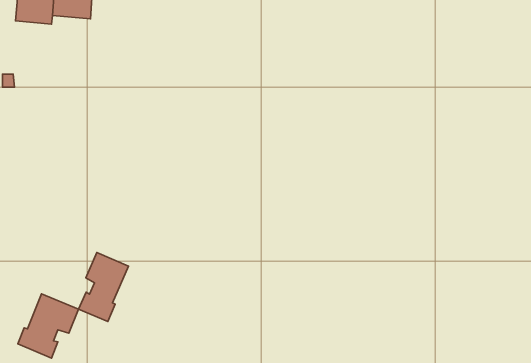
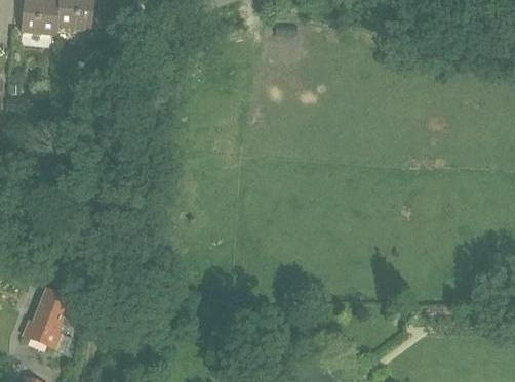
building: [79,253,128,321] -> none

